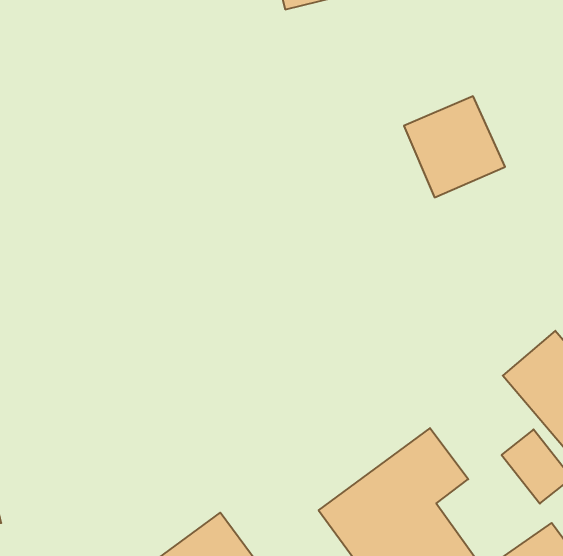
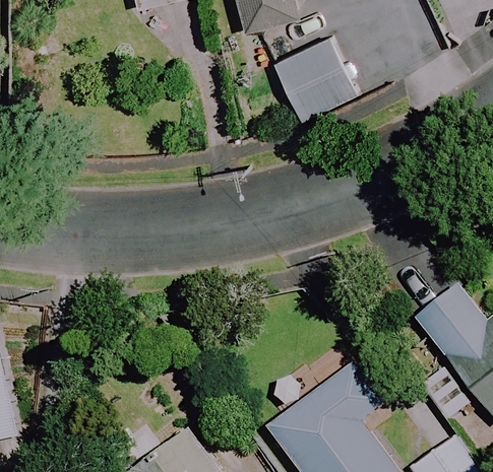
building: [404,96,505,197] -> [272,40,353,120]

